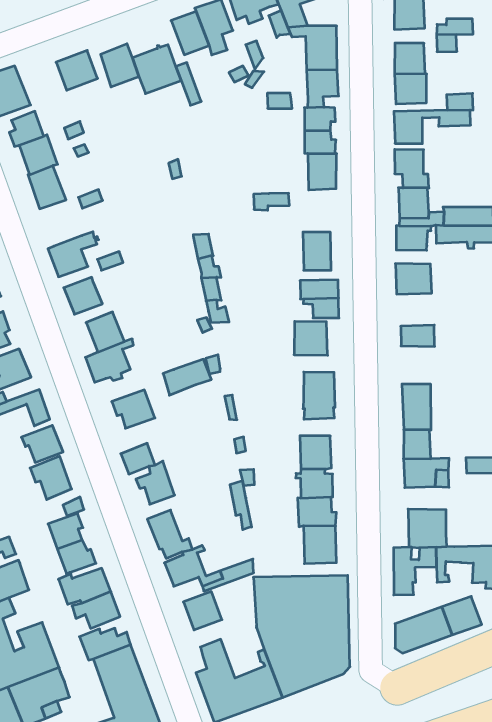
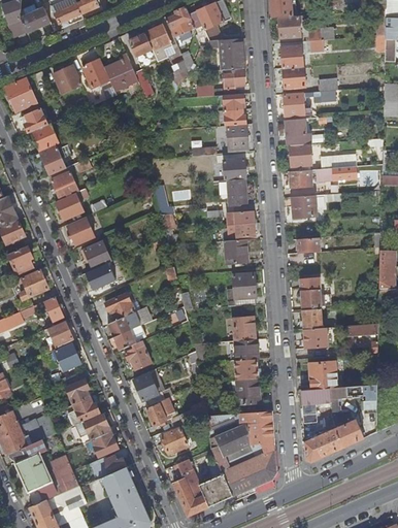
building: none -> [224,159,245,180]
building: none -> [51,173,77,199]
building: [163,359,211,395] -> [107,311,140,337]

